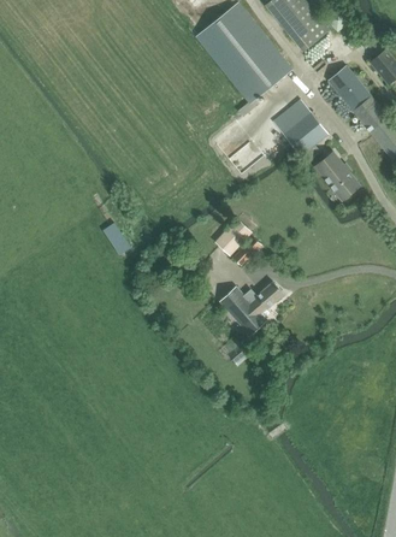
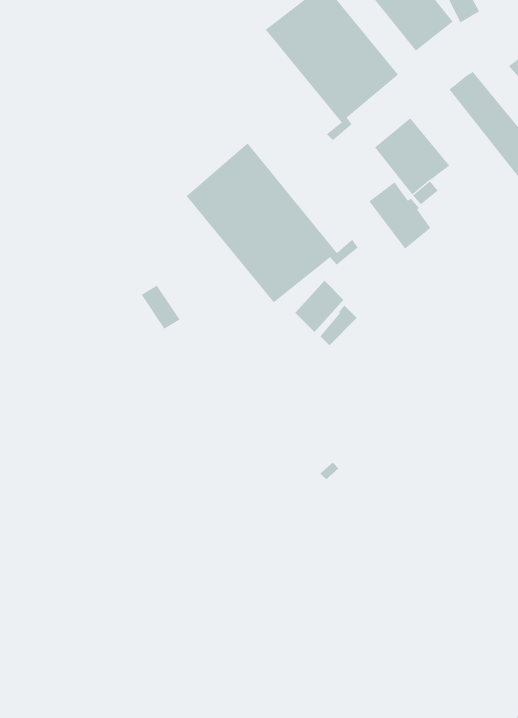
building: none -> [186,142,358,303]
building: [314,151,360,200] -> [368,182,431,249]
building: [219,282,283,335] -> none

